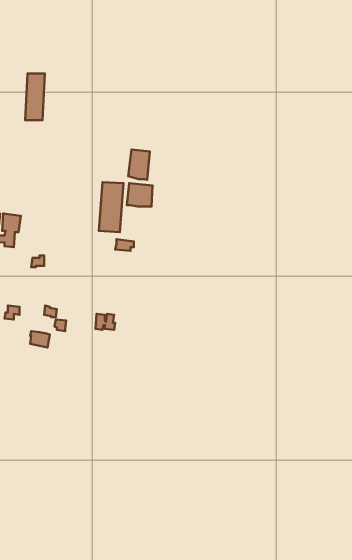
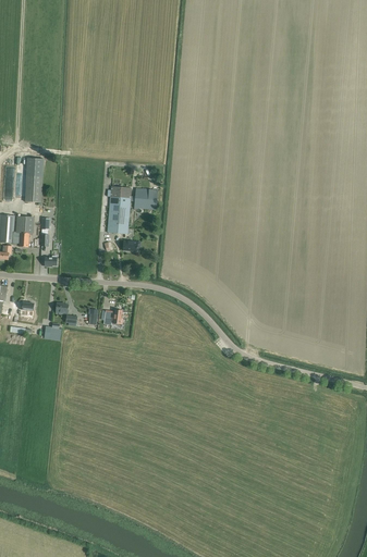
building: [25,74,45,120] -> [24,158,42,201]
building: [128,150,150,180] -> none

